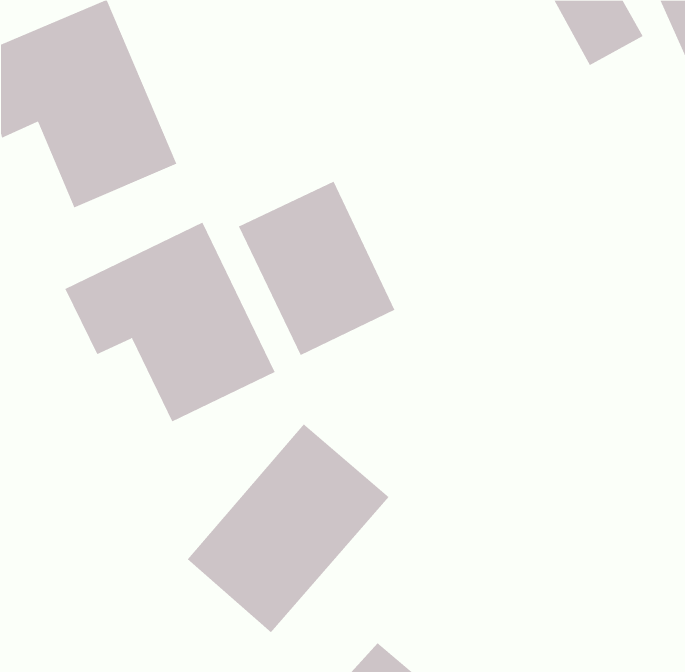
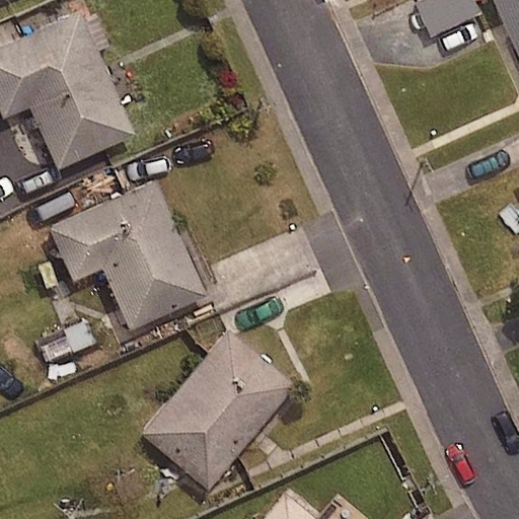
building: [238,181,395,356] -> none

